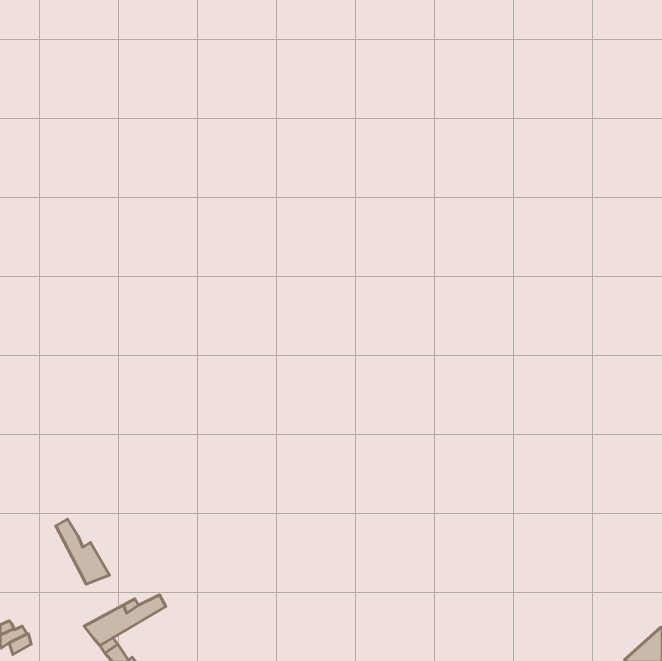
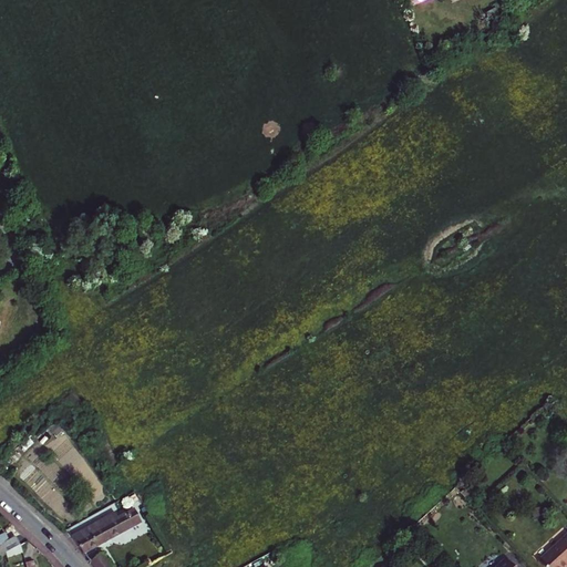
building: [56,519,109,584] -> none

